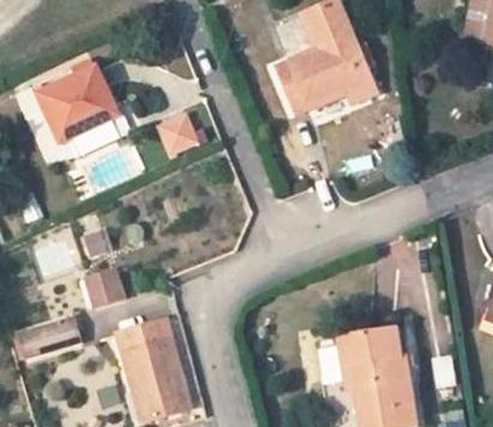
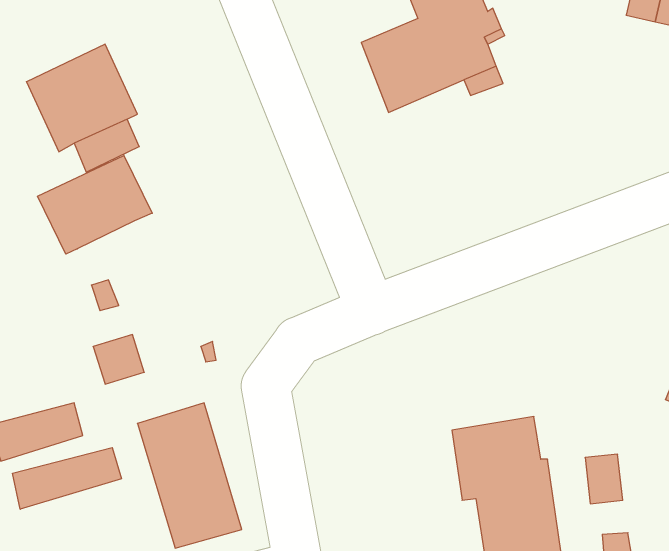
building: [157,114,203,158] -> none
building: none -> [38,155,152,254]
building: none -> [13,448,122,509]

